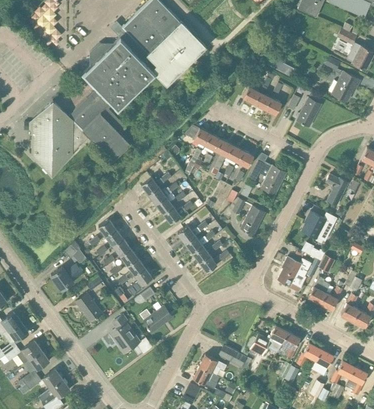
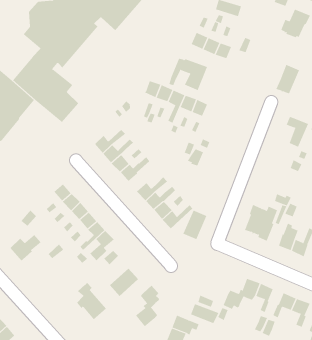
building: [296,98,321,127] -> [276,64,300,94]
building: [246,162,285,195] -> [168,58,208,91]
building: [240,207,265,236] -> [183,210,207,240]
building: [301,212,328,241] -> none
building: [75,294,102,323] -> none
building: none -> [135,285,160,327]

